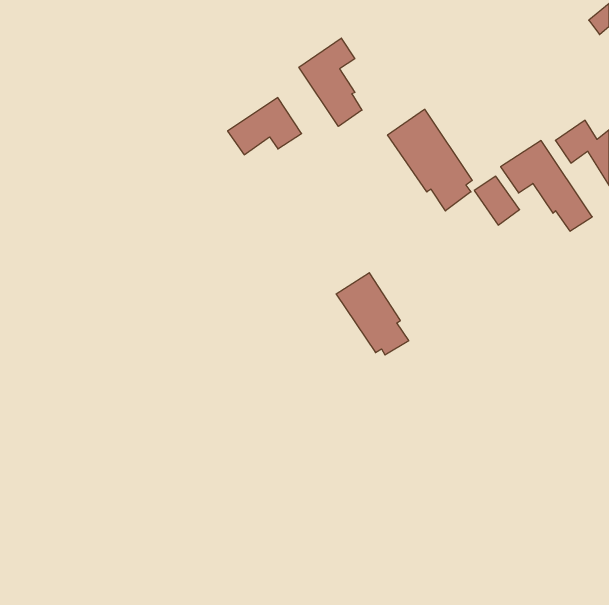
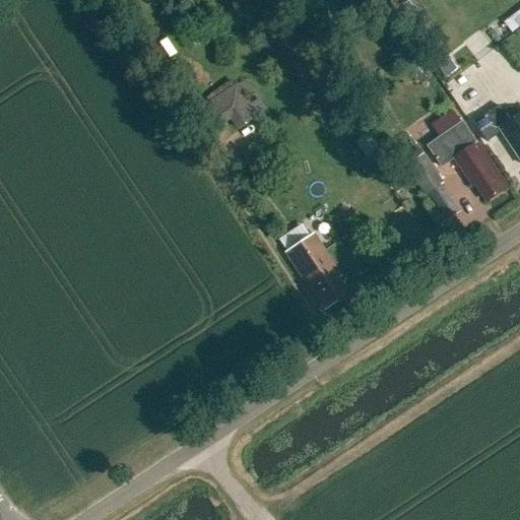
building: [299,38,362,126] -> none
building: [388,109,472,211] -> none

